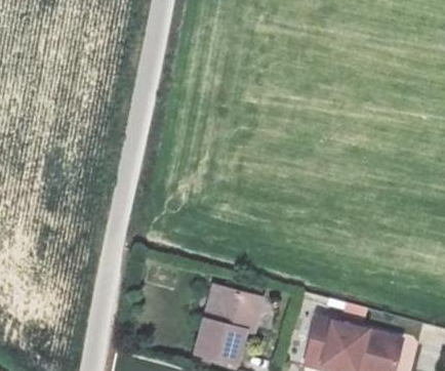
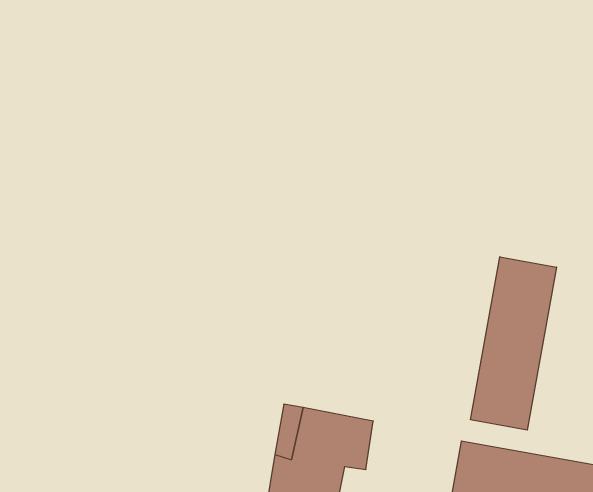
building: none -> [471,257,557,430]

